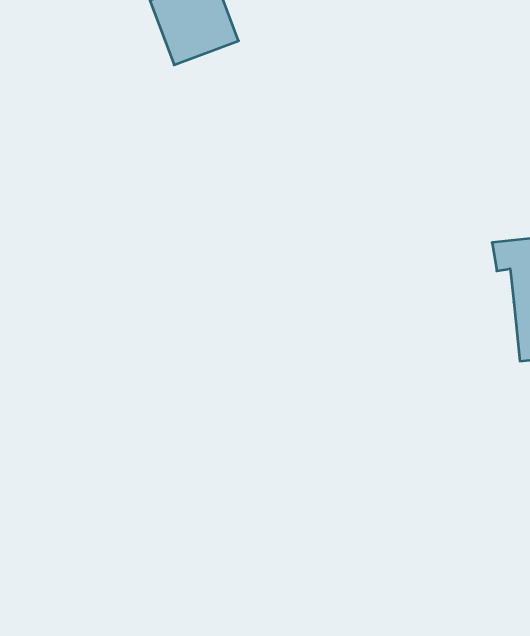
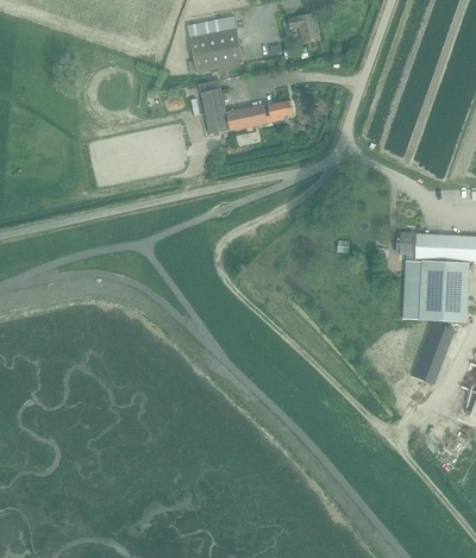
building: none -> [199,74,293,132]

